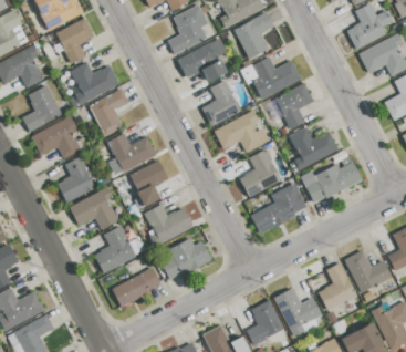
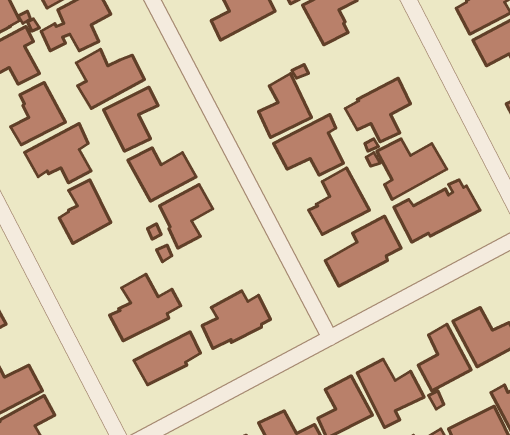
building: [177,37,229,81] -> none
building: [240,56,302,99] -> none
building: [70,186,118,229] -> none
building: [144,204,195,244] -> none

